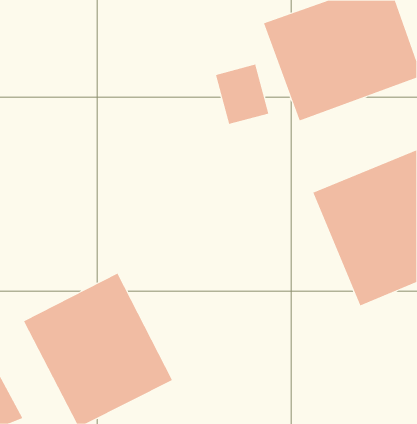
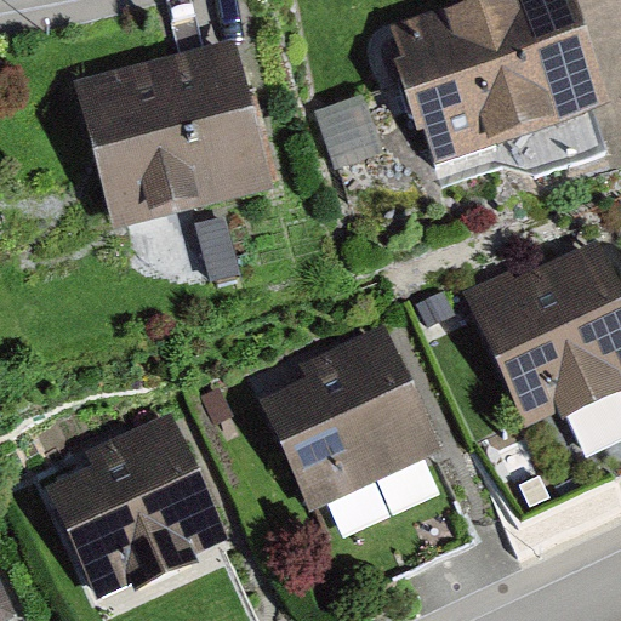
building: none -> [81,32,284,233]
building: none -> [251,336,433,522]

